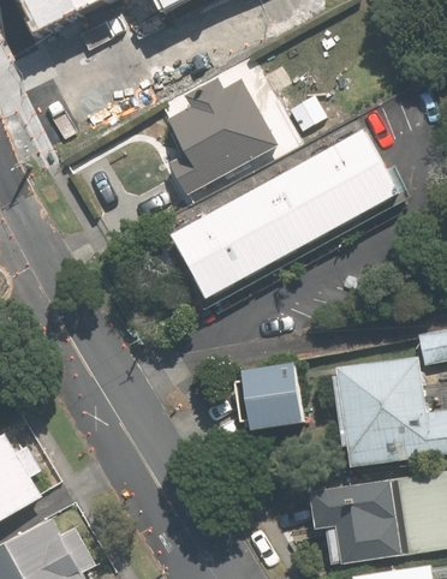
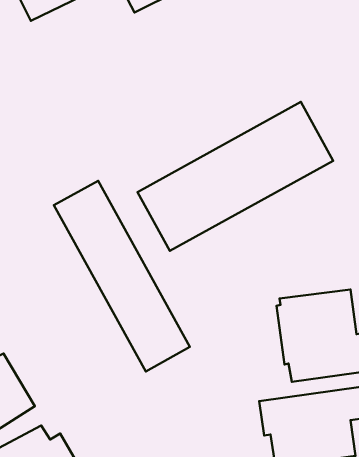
building: [168,77,275,193] -> none
building: none -> [54,181,190,371]
building: [242,362,302,429] -> none

